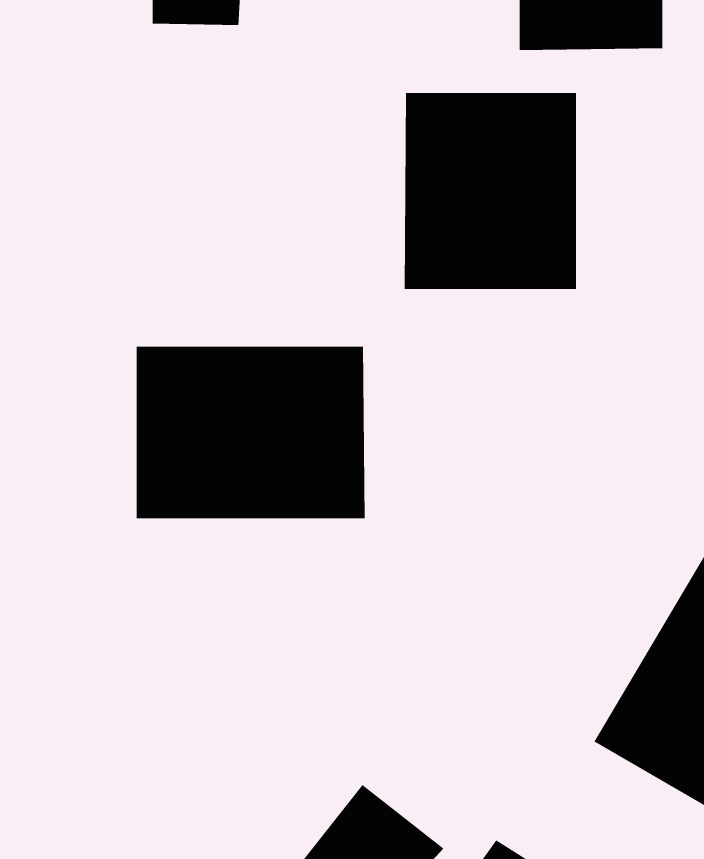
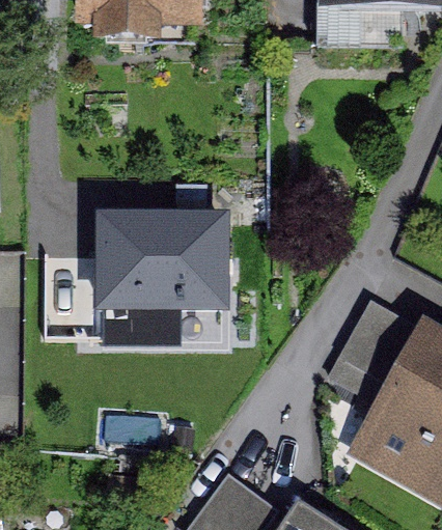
building: [404,92,577,290] -> none

